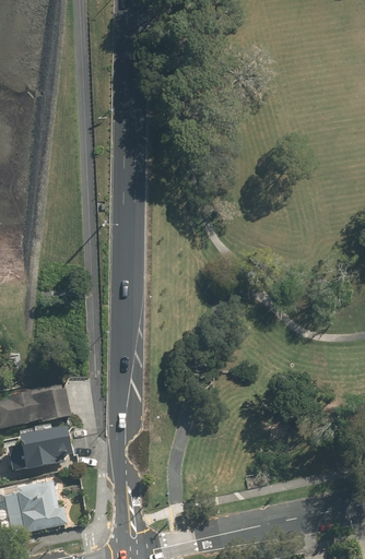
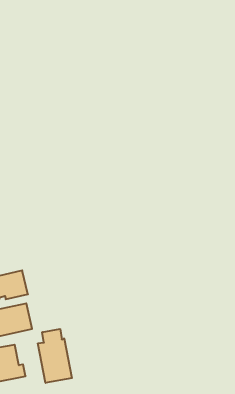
building: none -> [38,329,72,383]

